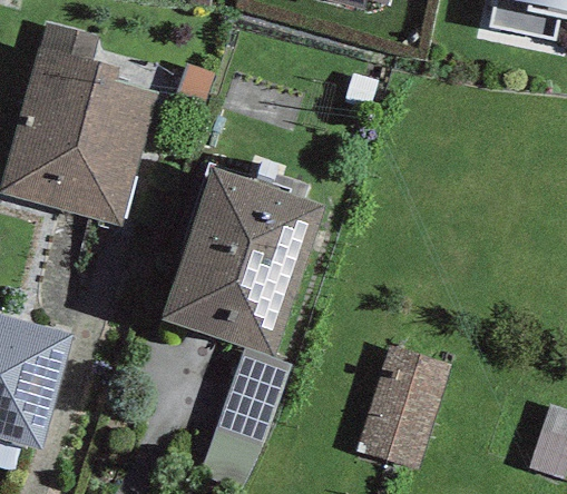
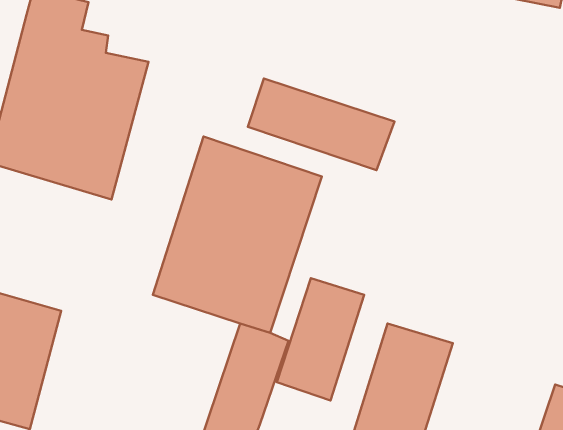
building: none -> [248,78,394,170]
building: none -> [277,278,364,401]

